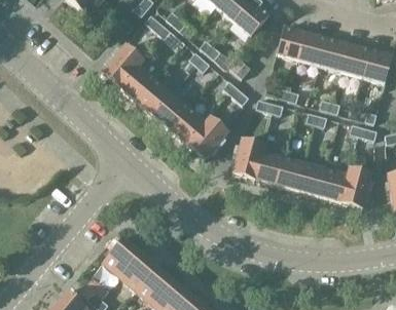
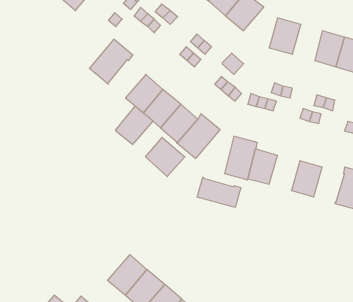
building: [298,30,327,65] -> none
building: [120,64,156,101] -> [116,106,153,145]
building: none -> [146,137,185,177]
building: [276,156,305,190] -> none
building: [319,167,349,201] -> none
building: none -> [197,177,241,207]
building: [102,237,141,276] -> none

